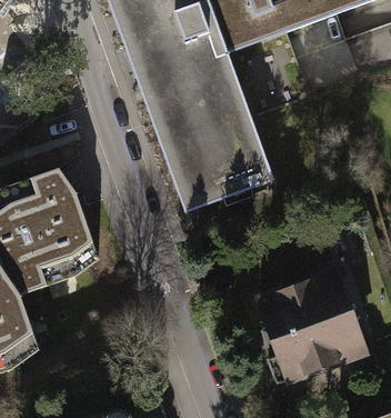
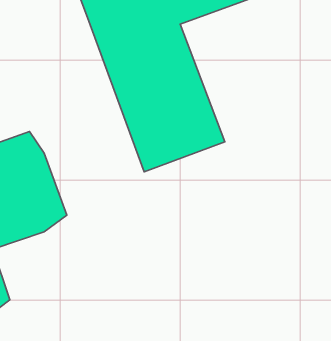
building: [261,272,368,384] -> none

